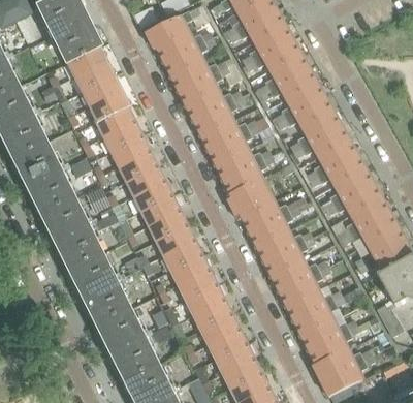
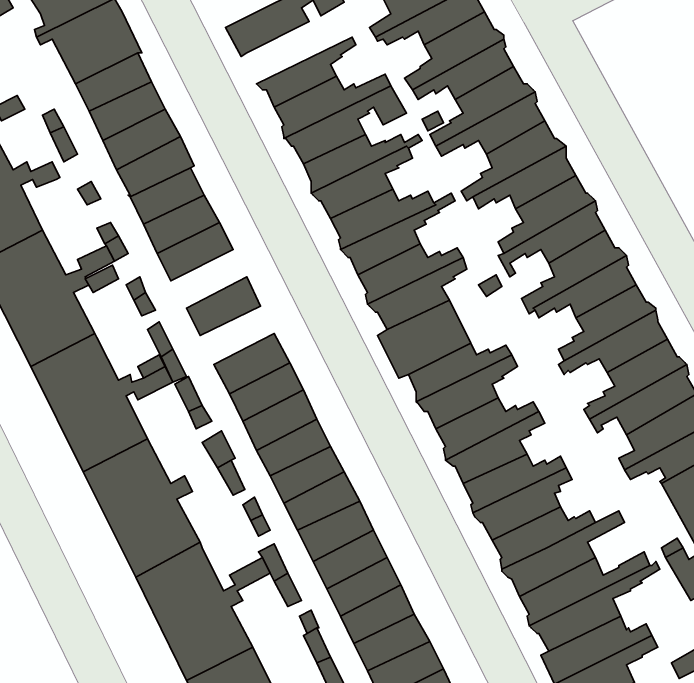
building: [156,27,216,61] -> none
building: [116,149,156,180] -> none
building: [131,179,170,210] -> none

